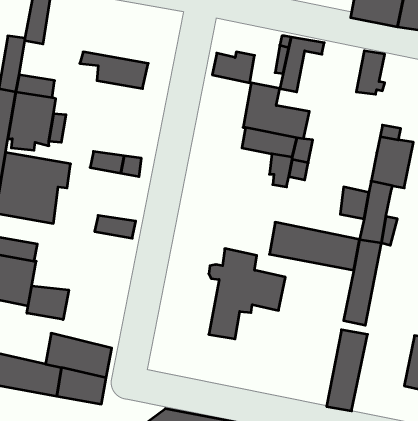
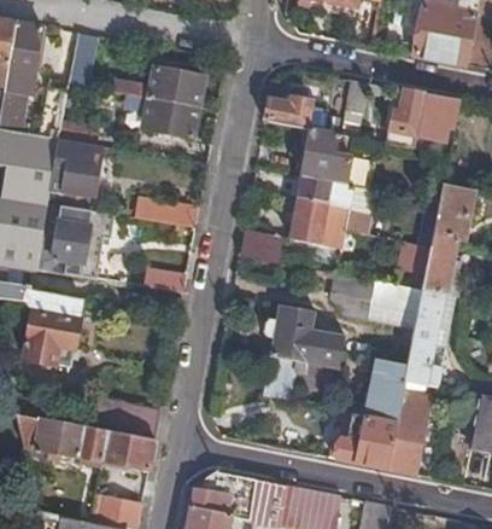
building: none -> [109,65,203,107]
building: none -> [386,91,427,149]
building: none -> [291,197,332,246]
building: none -> [240,228,282,264]
building: [27,286,69,320] -> none
building: none -> [330,377,404,470]

